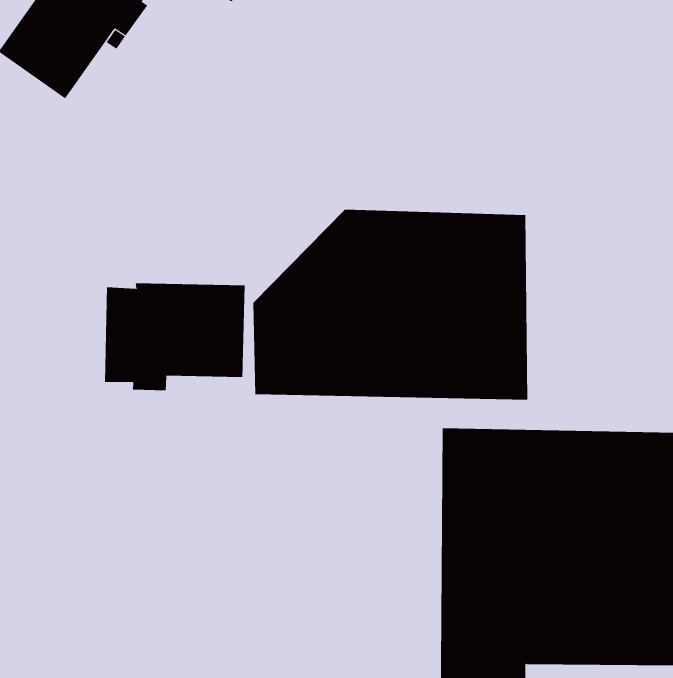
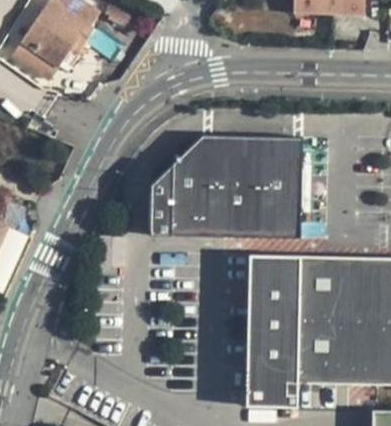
building: [105,282,245,391] -> none

